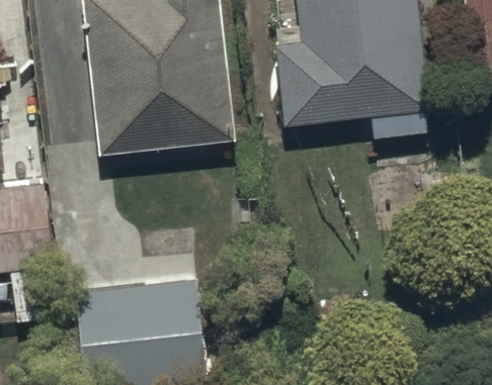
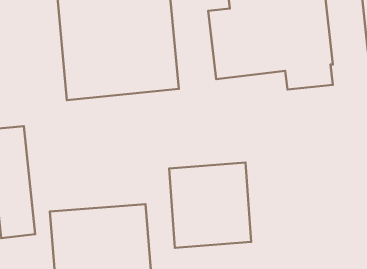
building: none -> [169,163,251,248]

